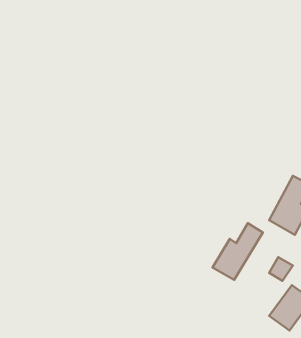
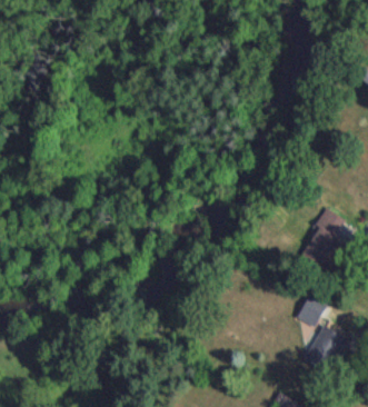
building: [213,223,263,280] -> none

